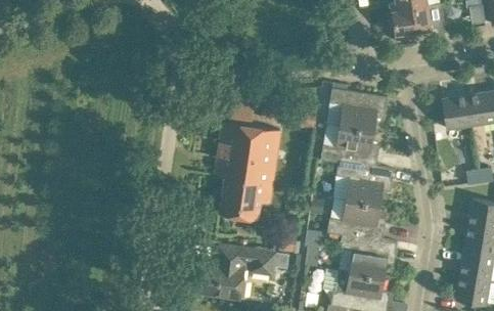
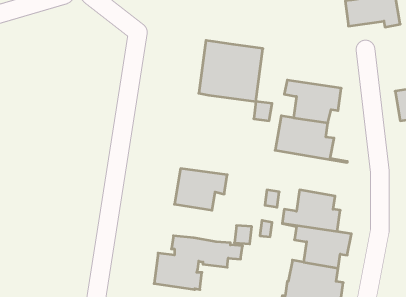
building: [215,122,279,183] -> [199,40,263,101]
building: [320,159,393,205] -> none

